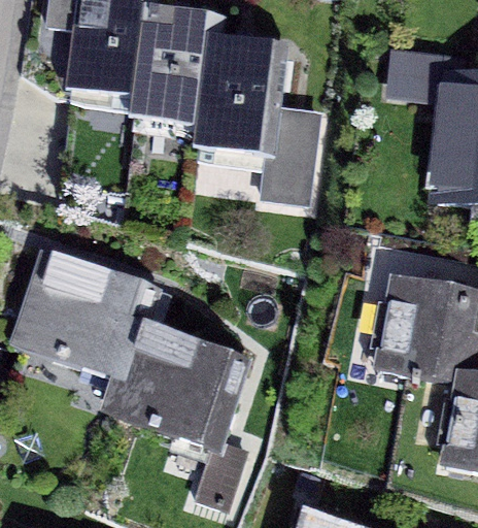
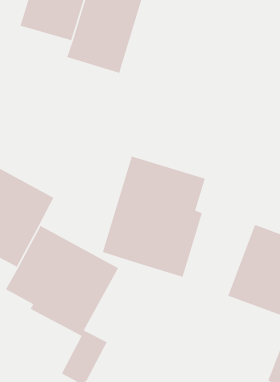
building: [199,36,316,201] -> none
building: none -> [102,155,206,278]

